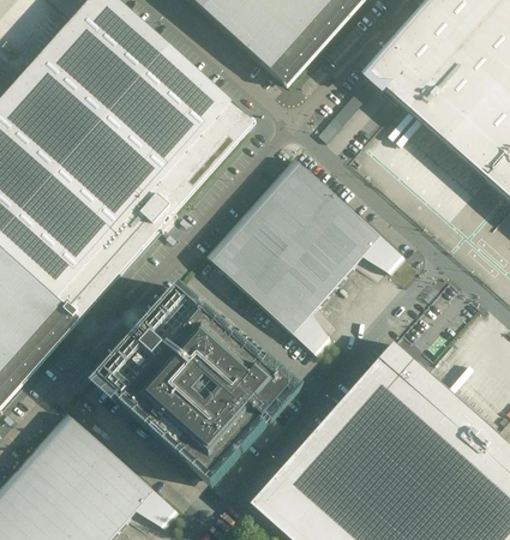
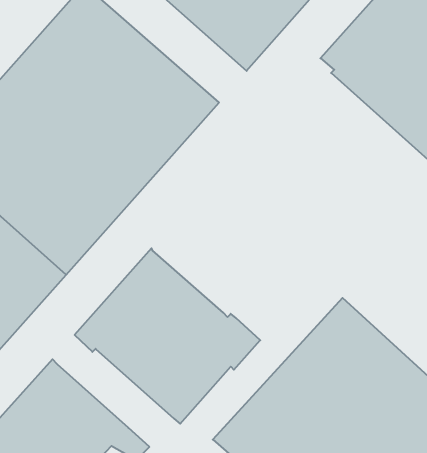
building: [204,158,404,356] -> none

